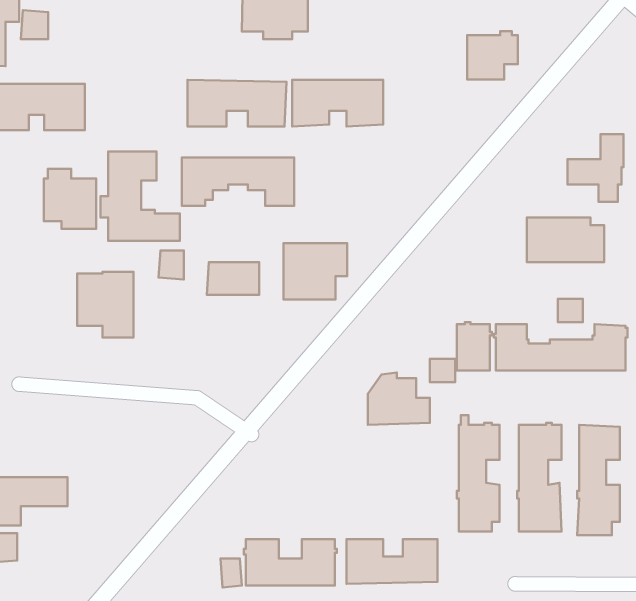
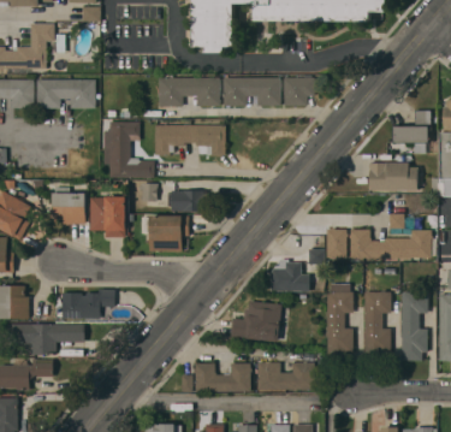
building: [467,31,518,80] -> [284,75,315,105]
building: [44,169,96,229] -> [53,187,85,224]
building: [283,243,347,299] -> [149,215,189,250]
building: none -> [63,289,114,318]
building: none -> [230,301,281,341]

